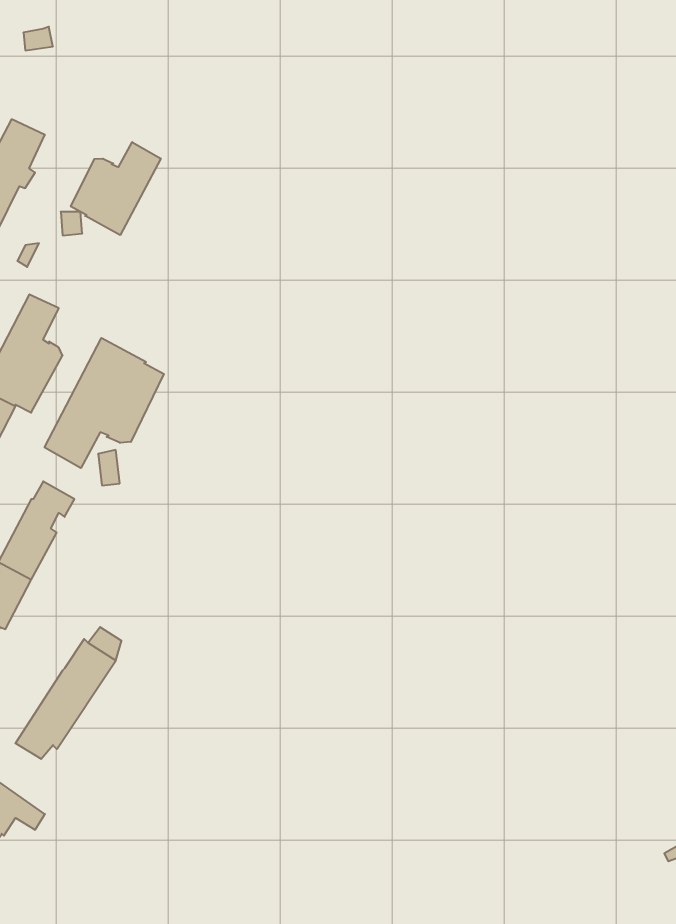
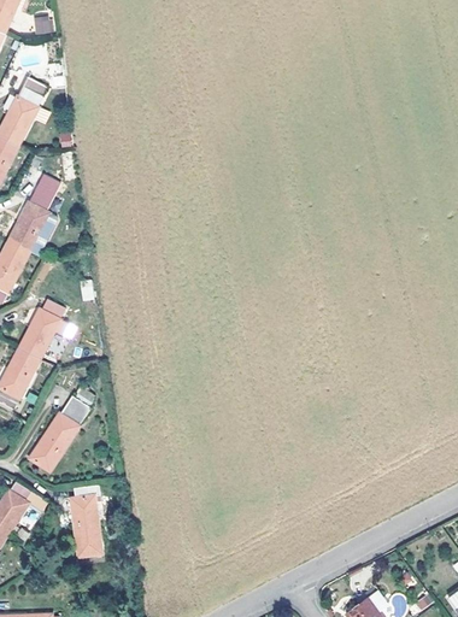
building: [71,142,161,235] -> none
building: [45,338,164,468] -> none
building: none -> [71,484,100,556]

